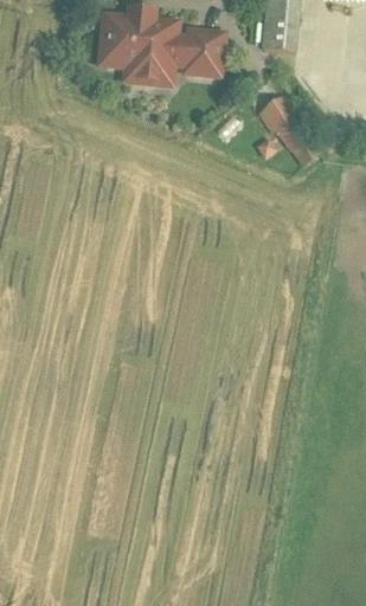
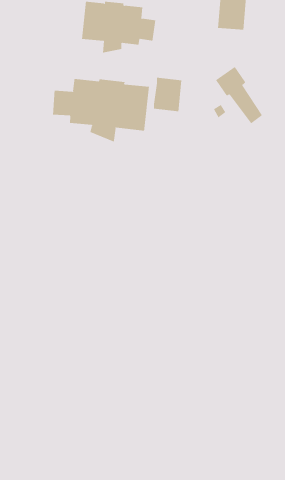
building: [186,33,220,75] -> [153,77,182,112]
building: none -> [53,78,149,142]

